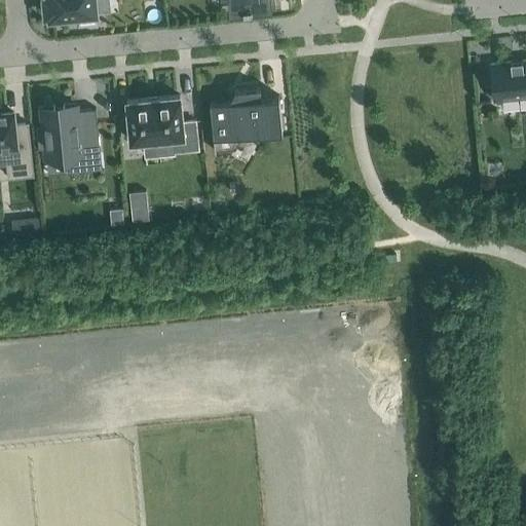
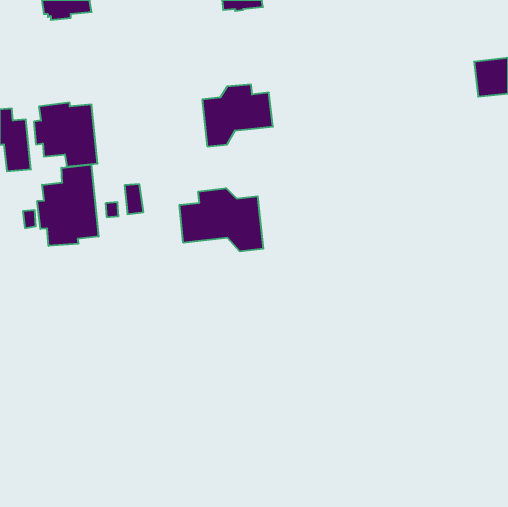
building: [125,98,197,154] -> none
building: none -> [37,164,99,246]
building: none -> [180,188,263,251]

